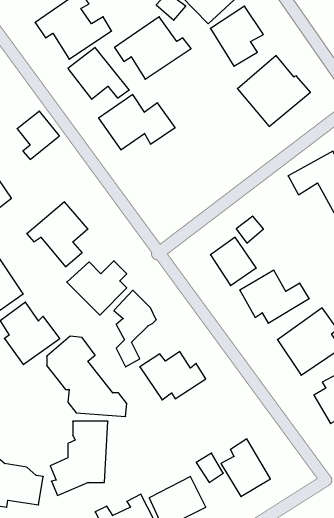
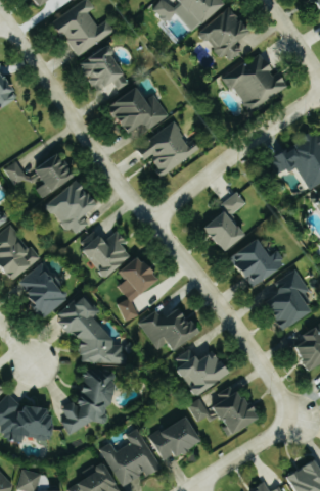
building: [115,17,191,79] -> [136,122,202,177]
building: [17,111,59,159] -> [32,155,68,197]
building: none -> [174,350,228,397]

